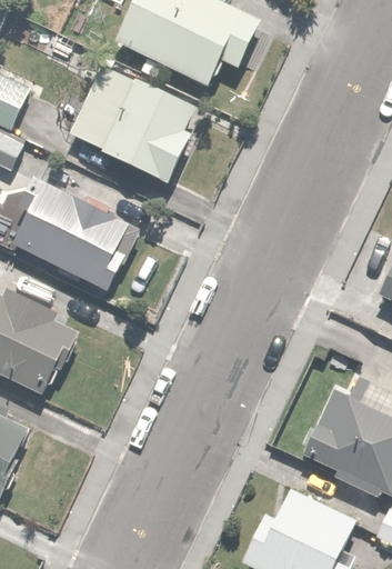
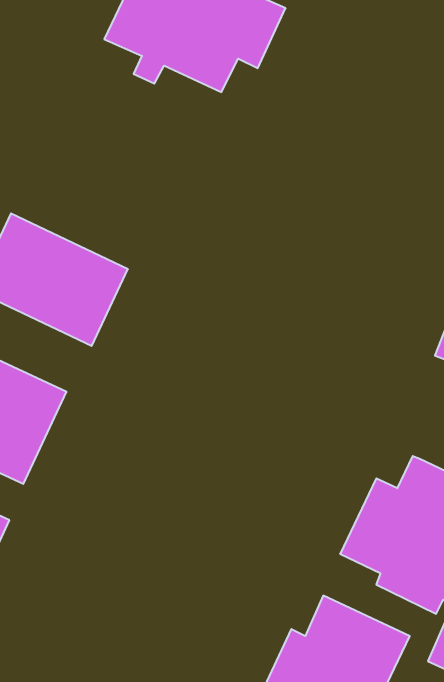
building: [54,67,191,181] -> none

